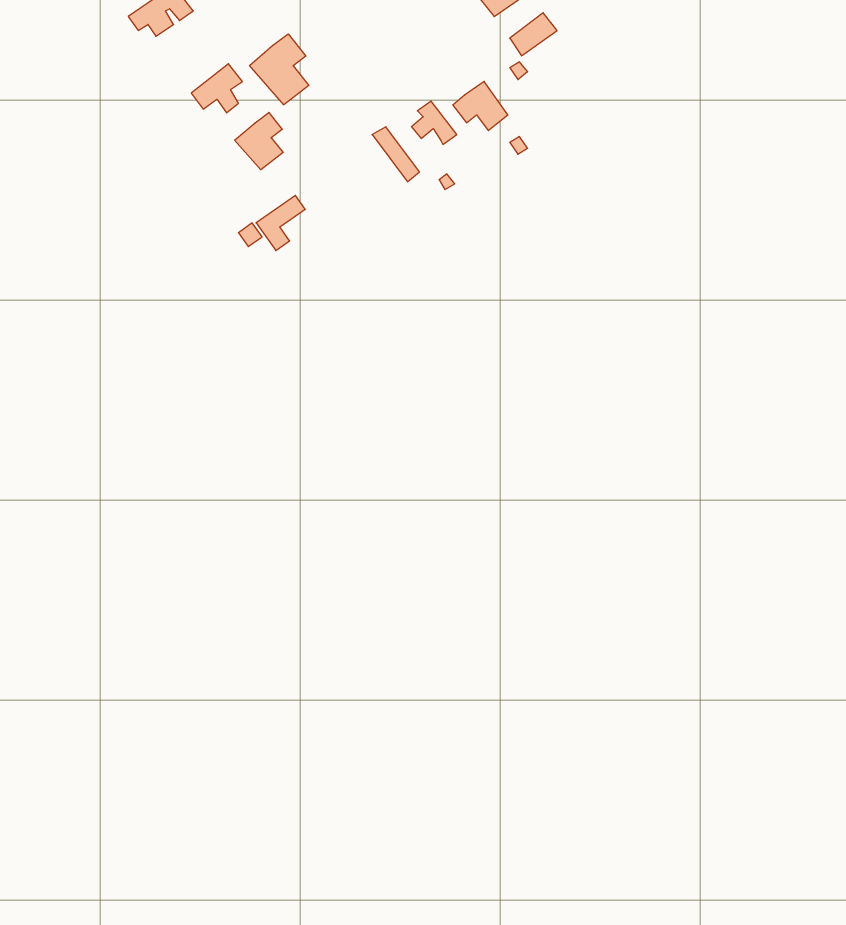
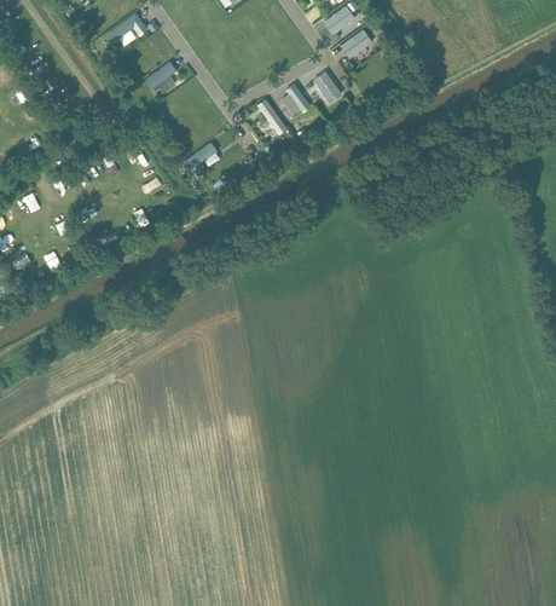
building: [250,34,309,105] -> none
building: [235,112,283,170] -> none

